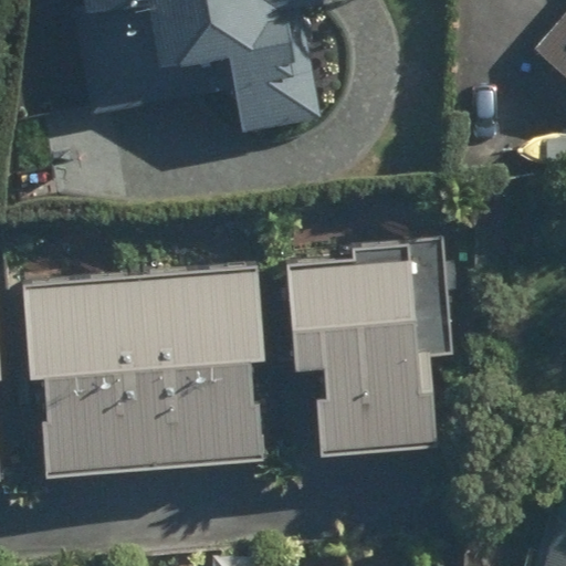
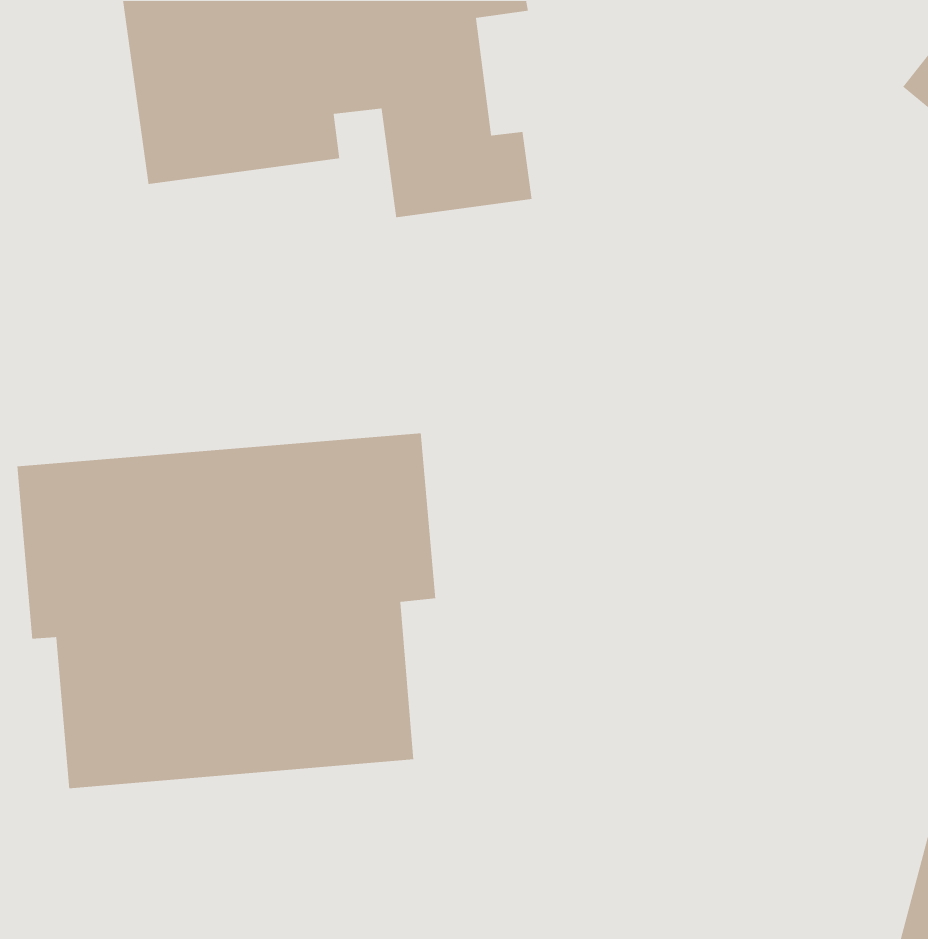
building: [284,250,442,452] -> none

